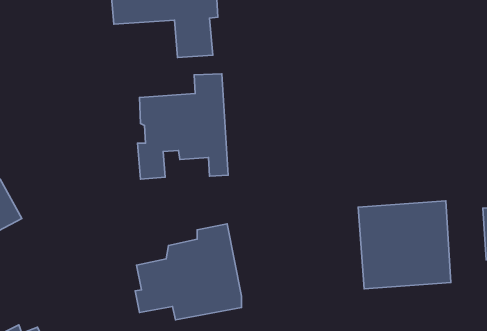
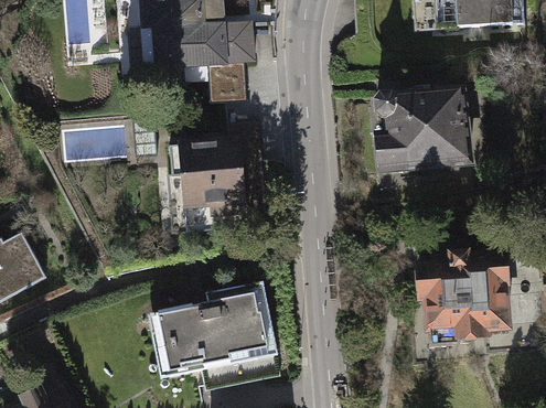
building: none -> [374,83,474,163]

